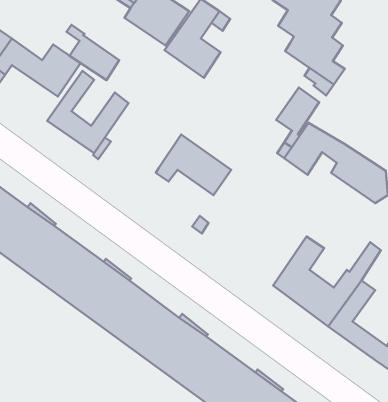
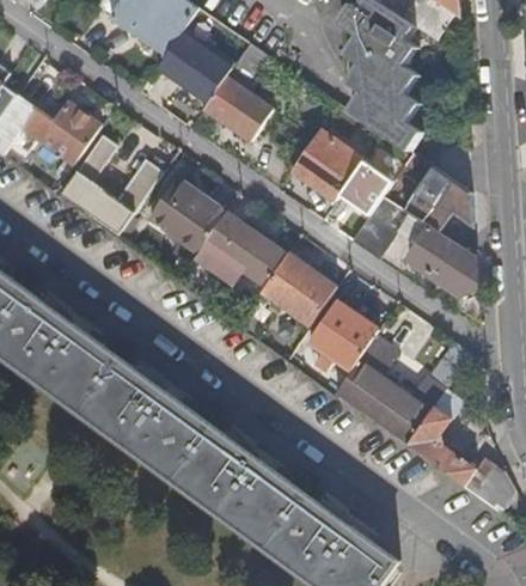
building: [66,25,119,80] -> none
building: none -> [292,130,362,200]
building: none -> [406,167,464,225]
building: none -> [149,178,226,252]
building: none -> [261,252,337,325]
building: none -> [311,301,379,370]

